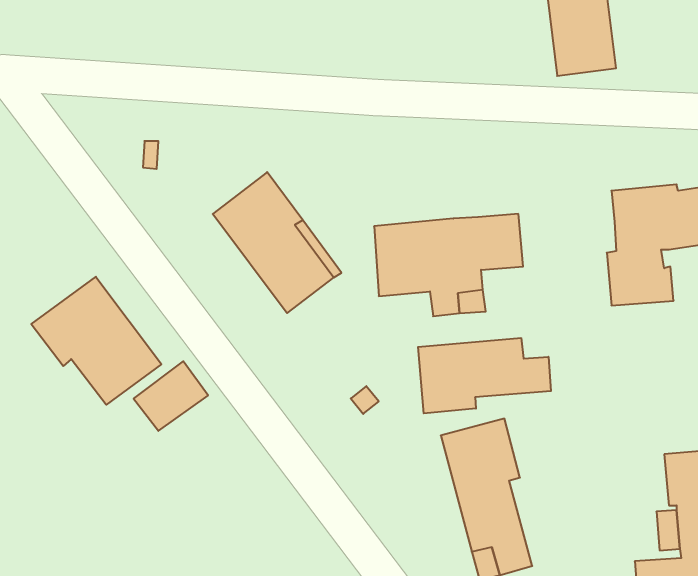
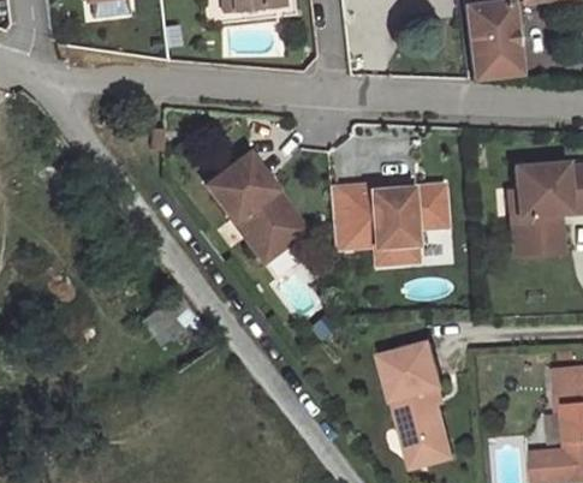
building: [31,277,161,405] -> none
building: [418,338,551,413] -> none

